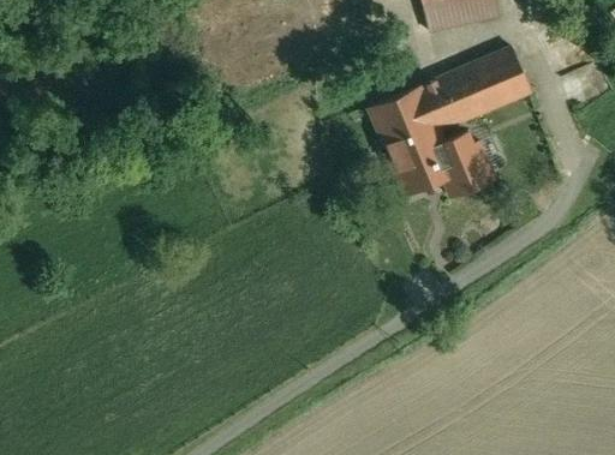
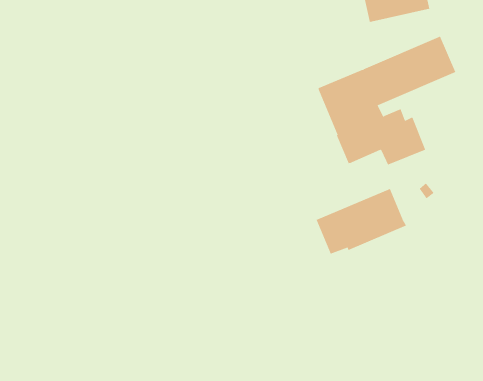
building: none -> [316,188,407,254]

